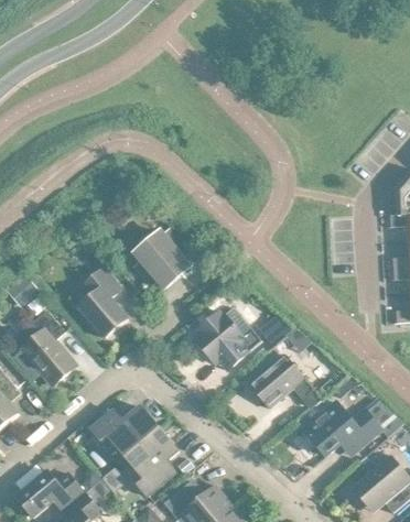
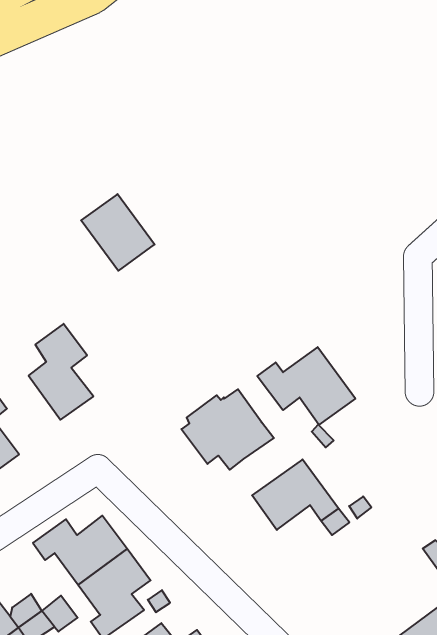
building: [134,232,190,289] -> [81,194,155,271]
building: none -> [257,347,355,425]
building: [303,402,380,456] -> none

